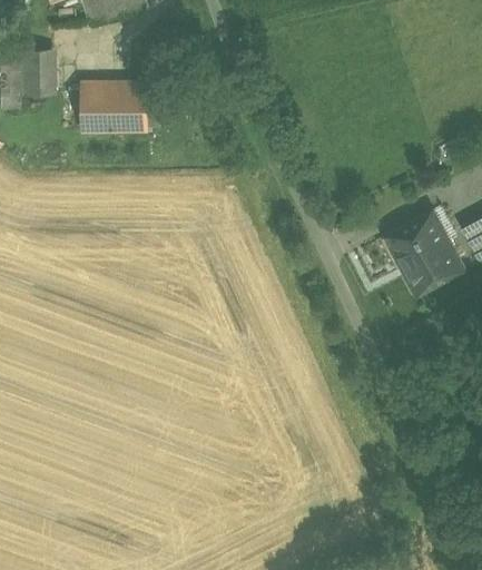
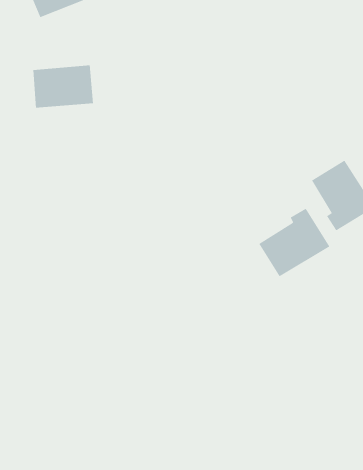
building: none -> [259,208,330,277]

